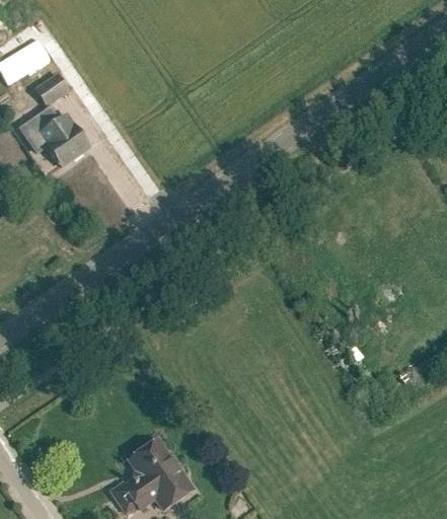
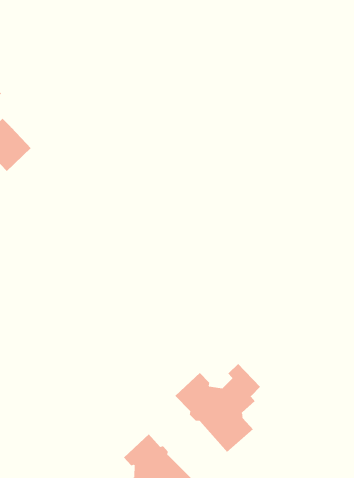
building: none -> [175,363,261,453]

